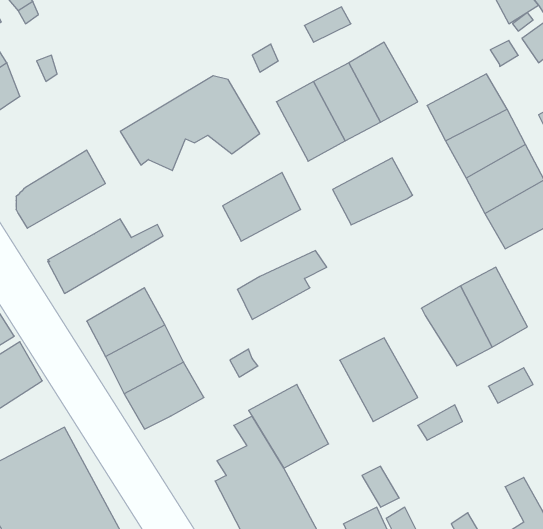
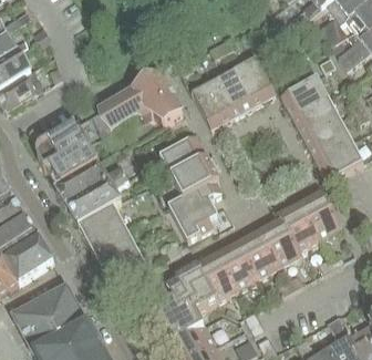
building: [333,158,413,225] -> [170,155,218,195]
building: none -> [43,140,99,185]
building: none -> [65,171,128,223]
building: none -> [177,202,218,238]
building: none -> [256,218,301,267]
building: none -> [204,245,249,295]

